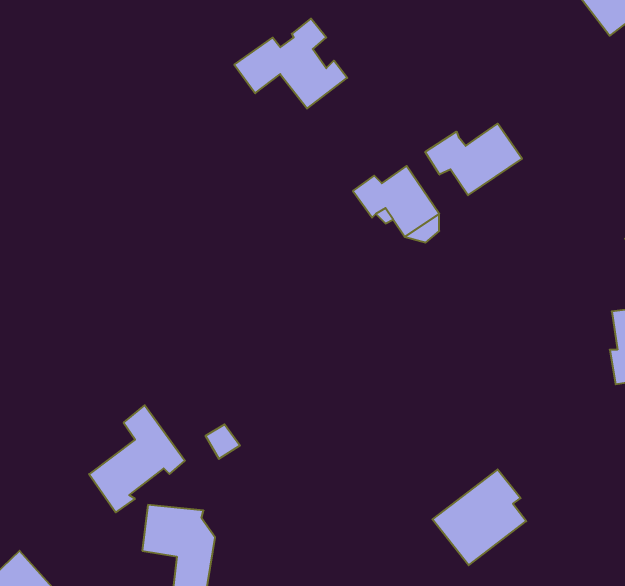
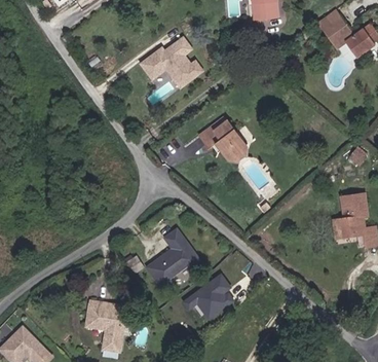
building: [425,124,522,195] -> none
building: [89,405,185,512] -> [149,228,200,286]
building: [432,469,526,565] -> [185,272,235,323]

